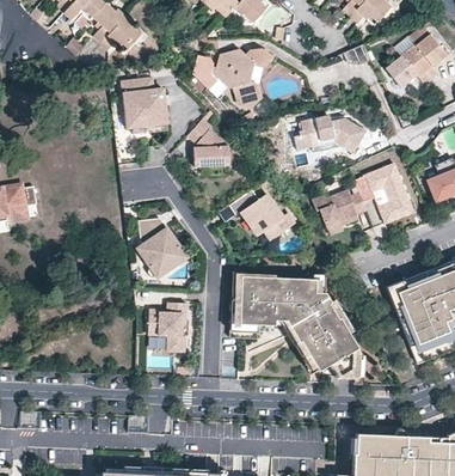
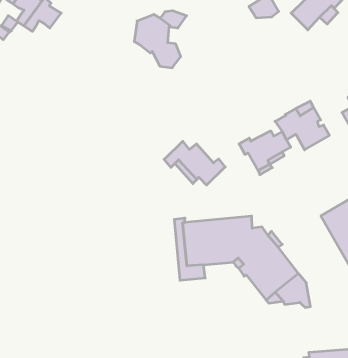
building: [193,53,220,86] -> none
building: [122,75,170,127] -> none
building: [295,115,368,153] -> none
building: [187,117,230,166] -> none
building: [140,216,189,279] -> none
building: [149,301,187,350] -> none

